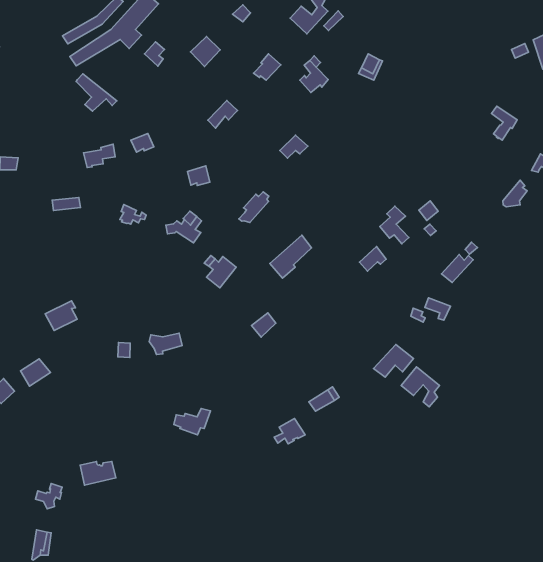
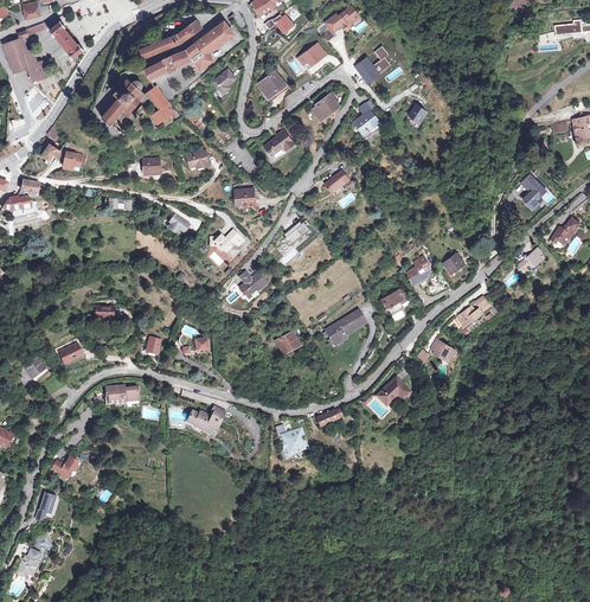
building: none -> [102,78,147,124]
building: [270,235,312,278] -> [323,308,364,345]
building: [401,367,440,407] -> none
building: [80,461,116,485] -> [108,386,139,406]

